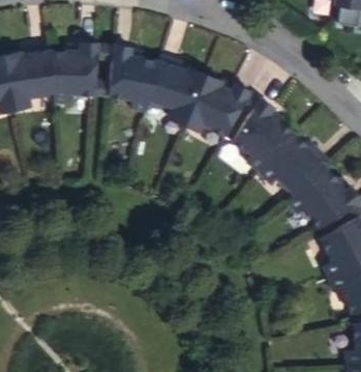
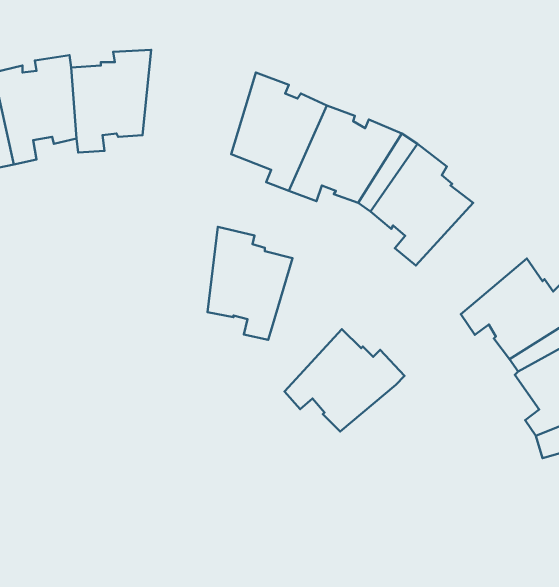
building: [111,46,161,113] -> [207,227,293,340]
building: [259,135,330,196] -> [285,329,405,432]

